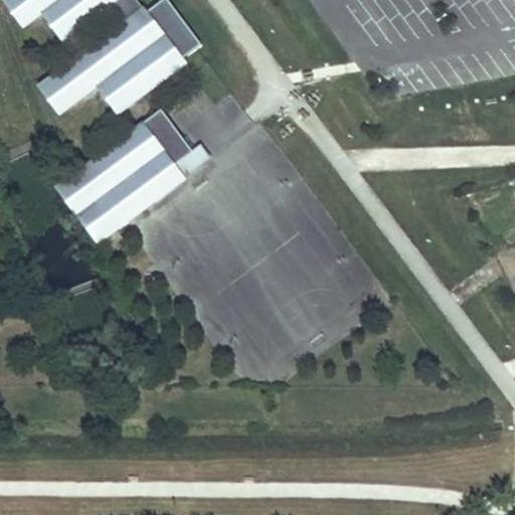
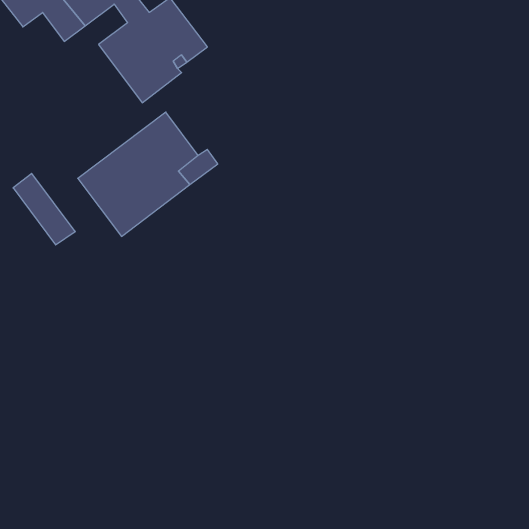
building: [39,43,138,114] -> none
building: [57,173,118,242] -> [13,173,75,245]

